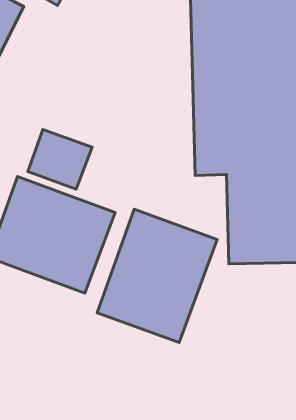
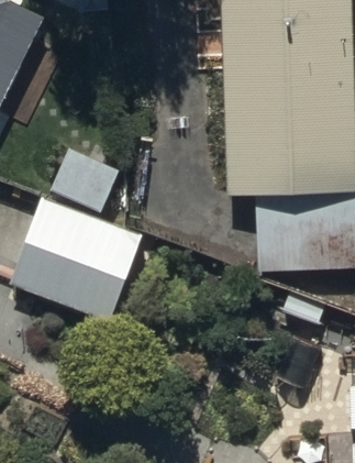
building: [97,209,217,342] -> none

